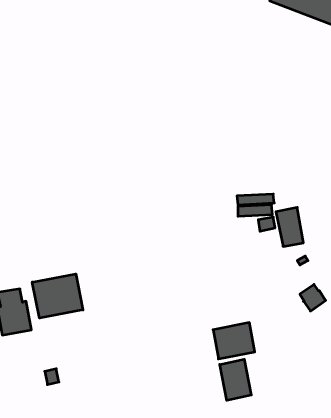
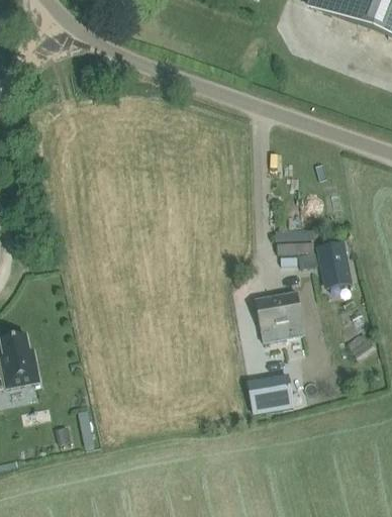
building: none -> [256,291,304,341]
building: [32,274,83,318] -> none
building: [220,359,251,400] -> none

